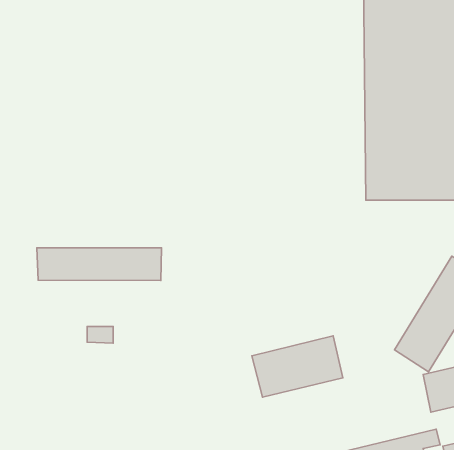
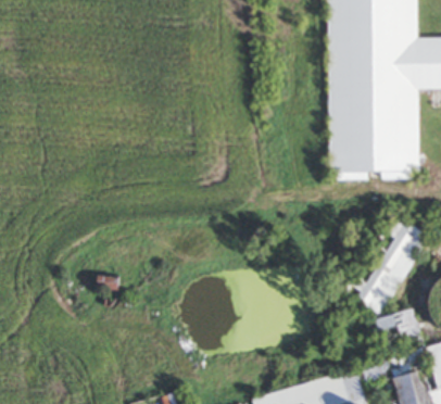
building: [37,248,162,280] -> none
building: [252,336,343,397] -> none

